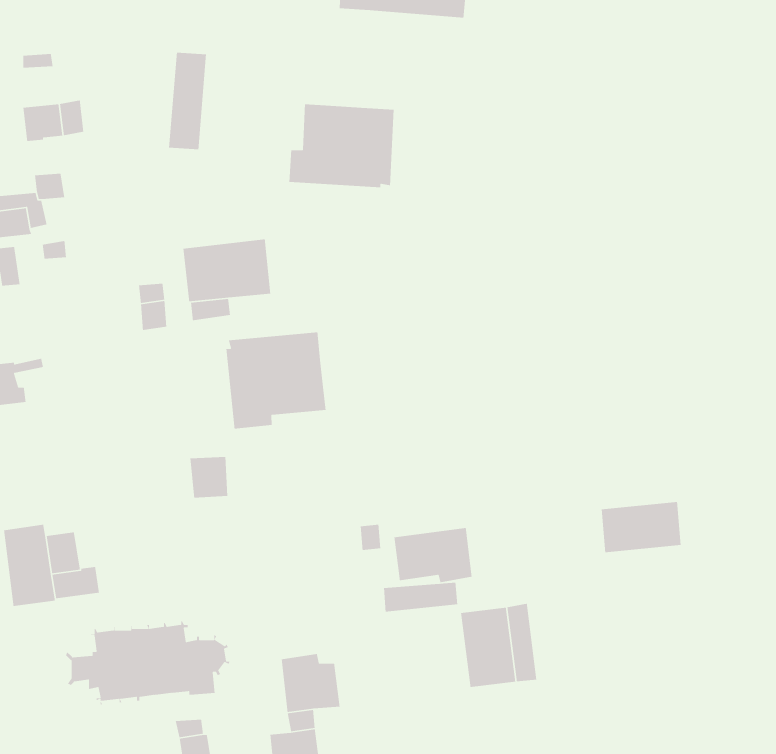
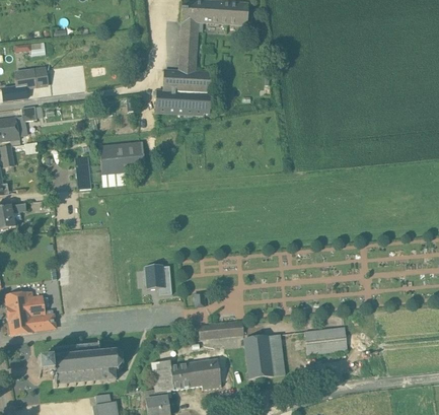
building: [168,52,207,150] -> [176,20,197,72]
building: [226,331,326,429] -> none
building: [190,456,228,498] -> [144,265,164,287]
building: [601,501,682,553] -> [304,327,347,354]
building: [393,527,472,583] -> [178,359,220,389]

